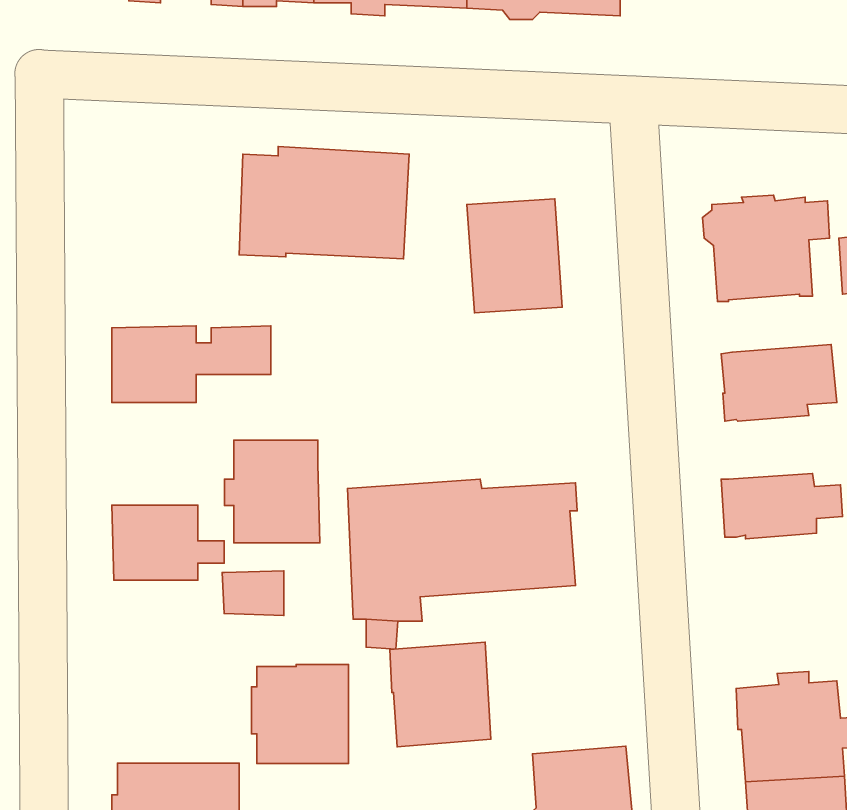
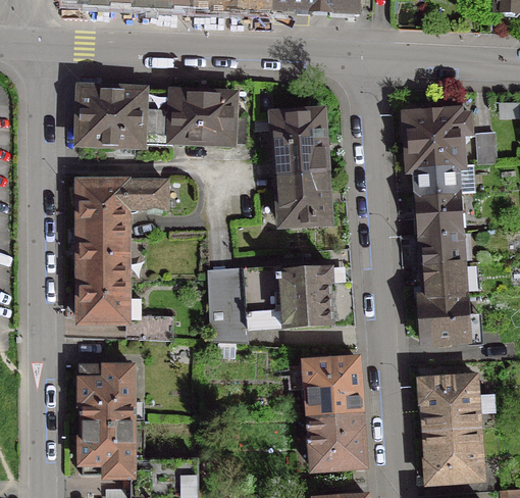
building: none -> [74,79,151,153]
building: none -> [415,164,475,196]
building: none -> [276,171,327,223]
building: none -> [414,231,461,265]
building: [224,440,320,543] -> [73,223,125,280]
building: none -> [419,295,466,342]
building: [390,642,491,747] -> [304,358,359,415]
building: [251,665,349,764] -> [79,366,132,420]

